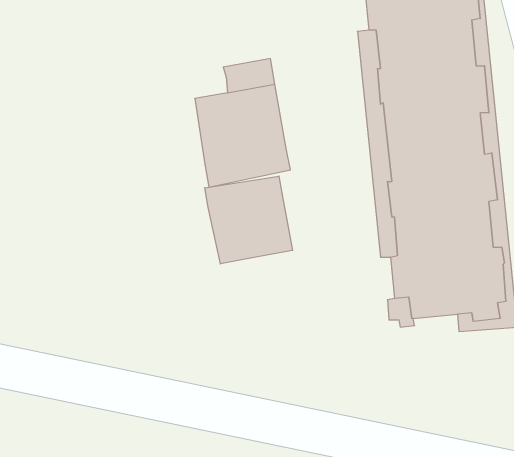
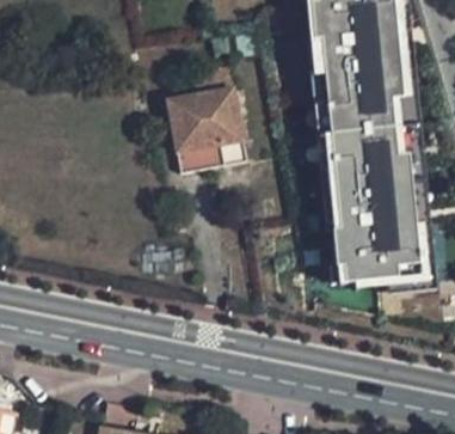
building: [205,176,293,264] -> none

